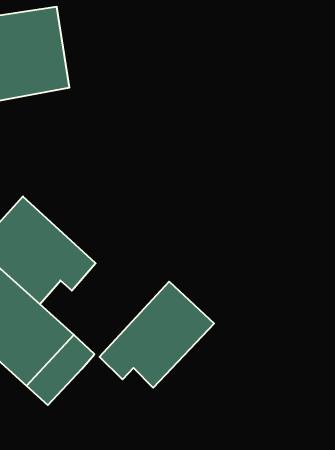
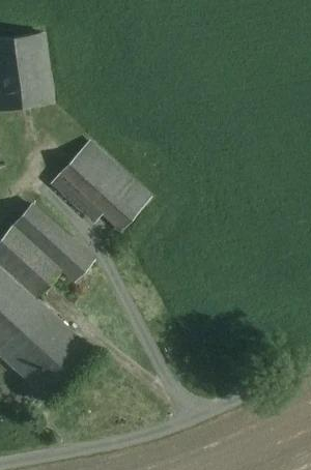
building: none -> [48,136,152,240]
building: [100,282,214,388] -> none

